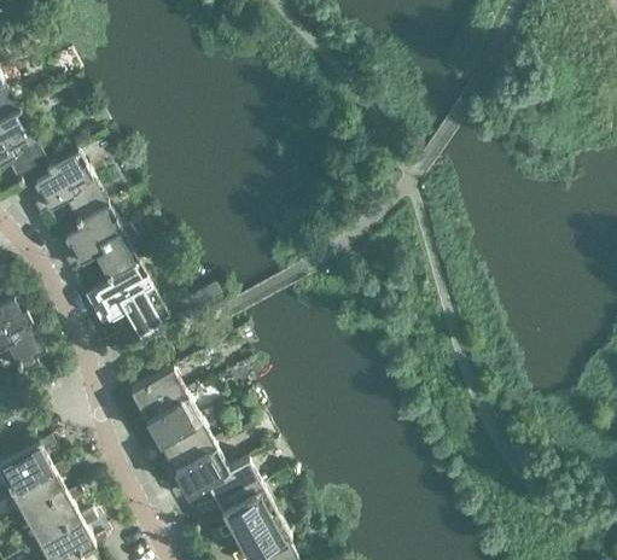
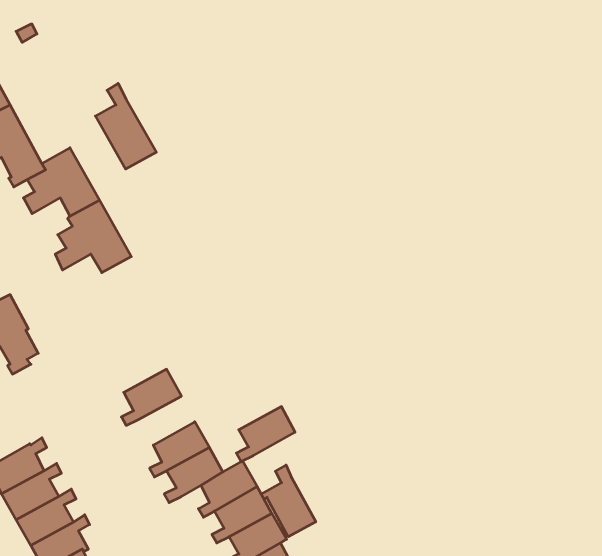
building: none -> [95,83,156,169]
building: [92,258,169,340] -> none
building: [141,396,199,450] -> [236,407,295,462]
building: none -> [261,465,316,537]

